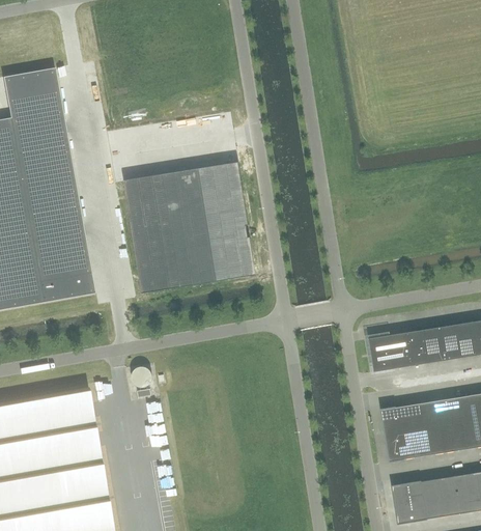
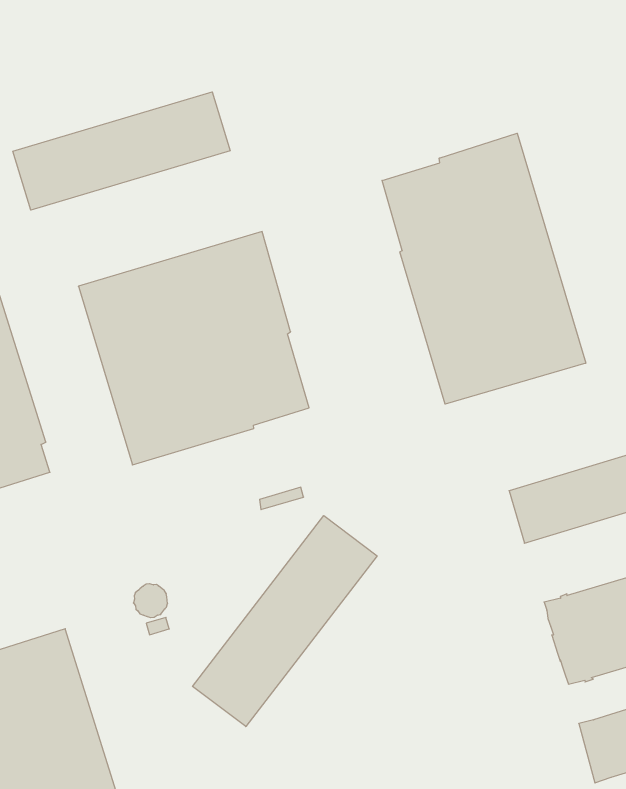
building: none -> [13,92,230,210]
building: none -> [382,133,586,404]
building: none -> [193,516,377,727]

